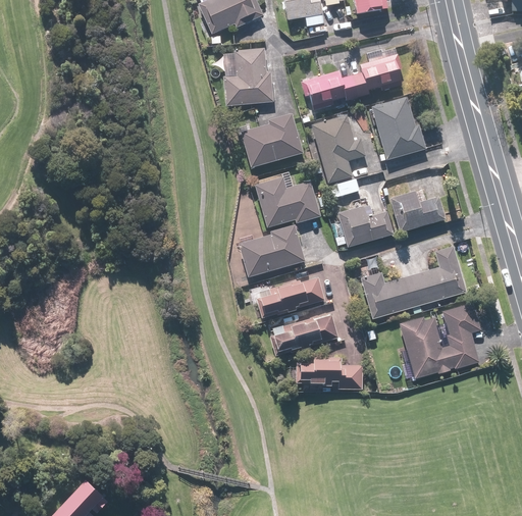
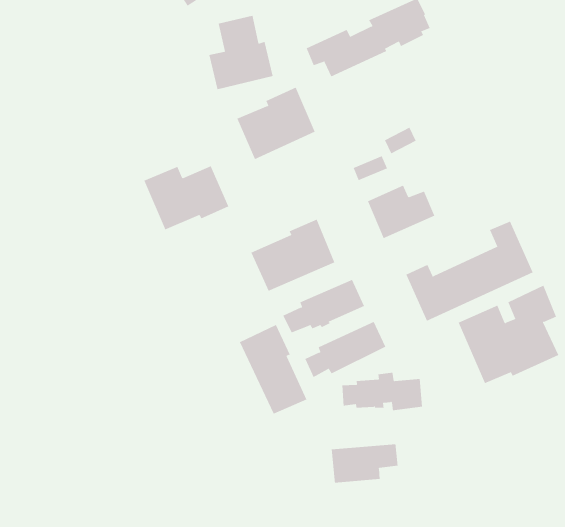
building: [369,96,425,161] -> none
building: [312,114,365,182] -> none
building: [253,176,320,227] -> [143,165,229,230]
building: [388,193,446,234] -> none
building: none -> [239,324,307,415]
building: none -> [331,444,398,483]

